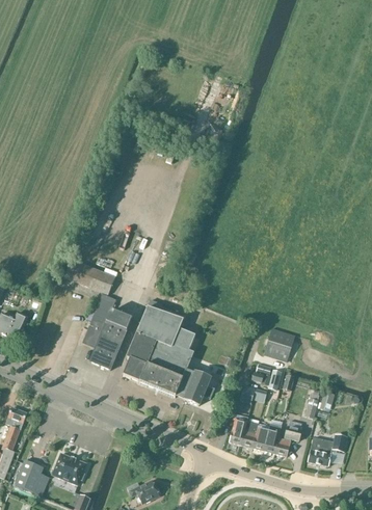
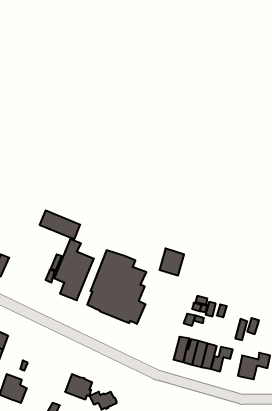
building: [265,327,295,360] -> [159,248,184,276]
building: [185,372,214,405] -> none
building: [53,453,86,484] -> [65,374,92,399]

